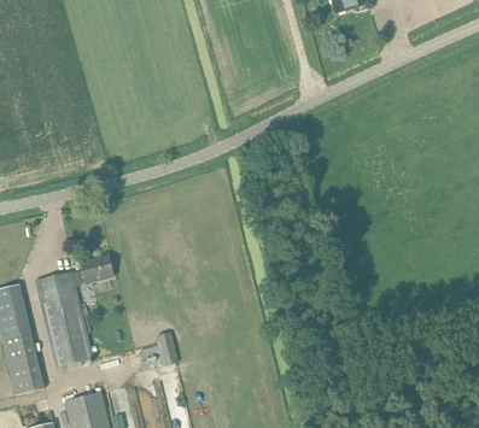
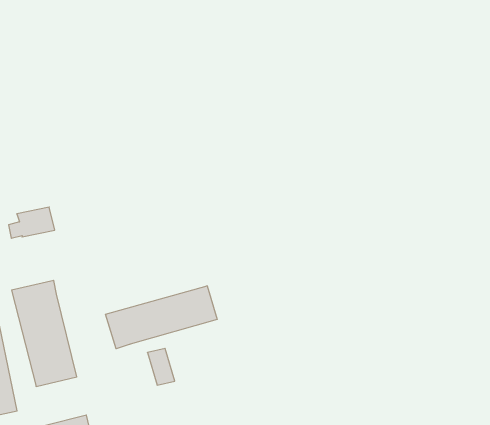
building: [74,256,115,283] -> [9,207,55,238]
building: none -> [105,286,217,349]

